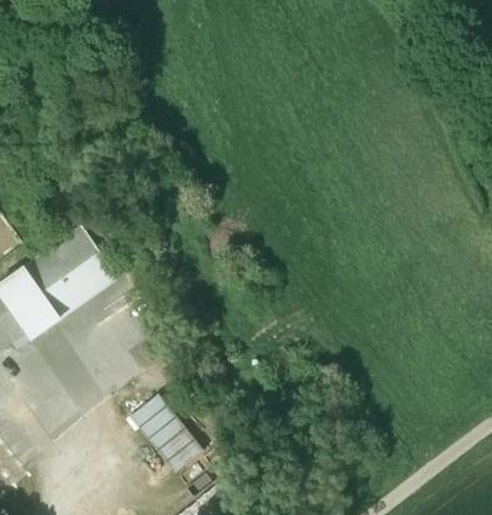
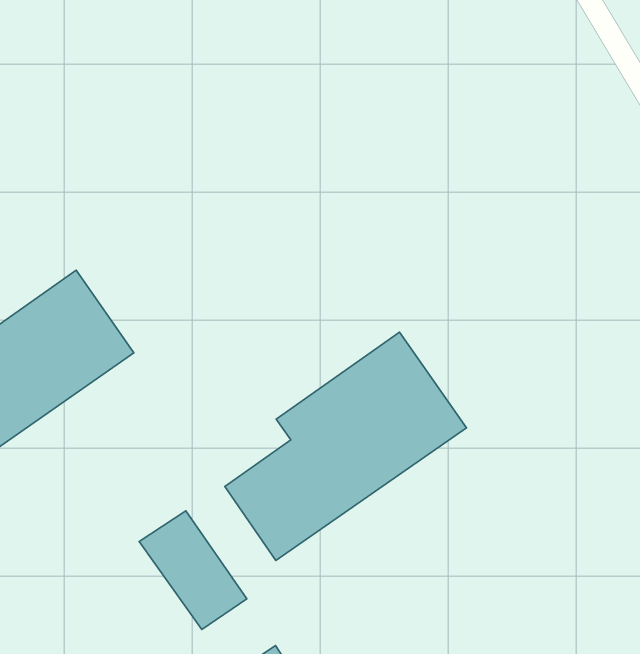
building: none -> [225,332,467,561]

